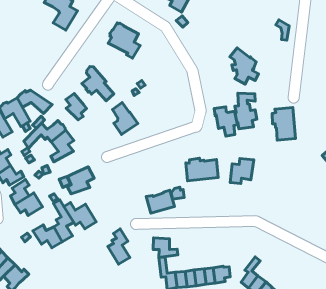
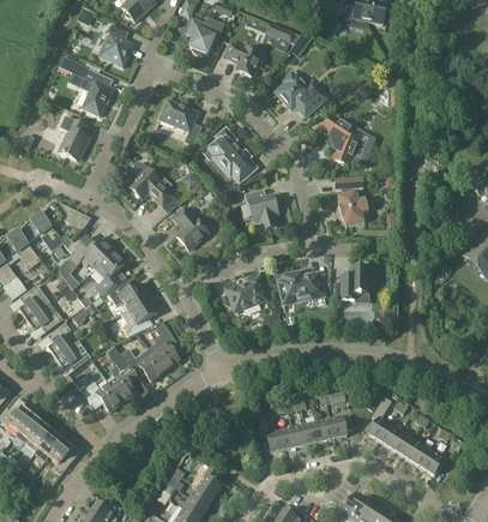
building: none -> [276,72,326,116]
building: none -> [59,115,89,161]
building: none -> [207,130,257,182]
building: [66,93,87,120] -> none
building: [214,107,237,136] -> [245,190,278,229]
building: [272,108,295,140] -> none
building: none -> [108,278,147,310]
building: [146,190,175,213] -> [227,277,266,311]
building: [108,229,130,264] -> [149,323,180,371]
building: [153,238,178,257] -> none

